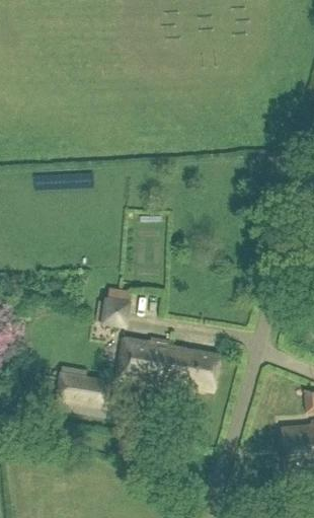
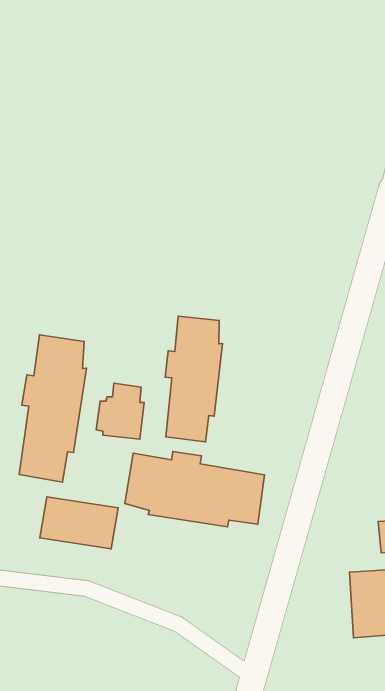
building: none -> [165,316,222,442]
building: none -> [19,335,86,482]

